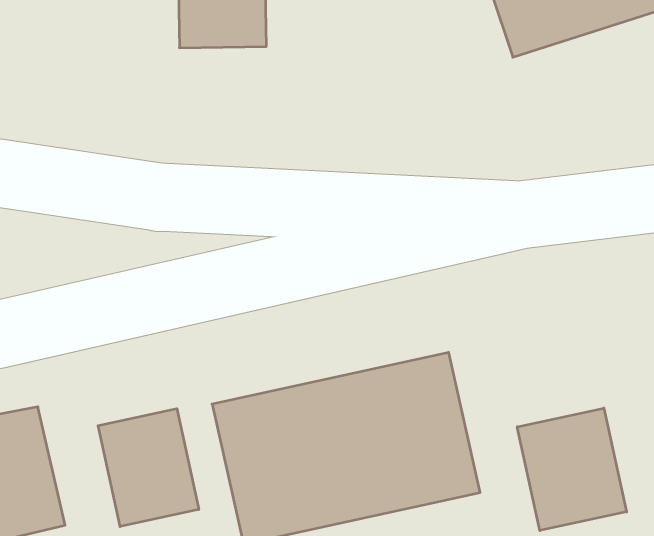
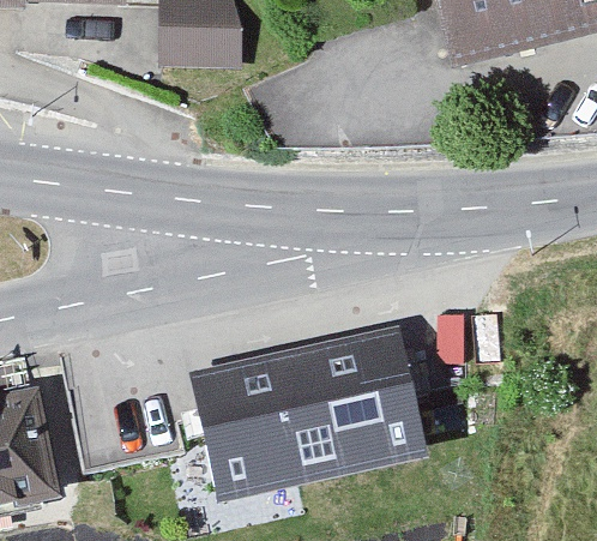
building: [517,408,627,531] -> none
building: [98,409,199,527] -> none

